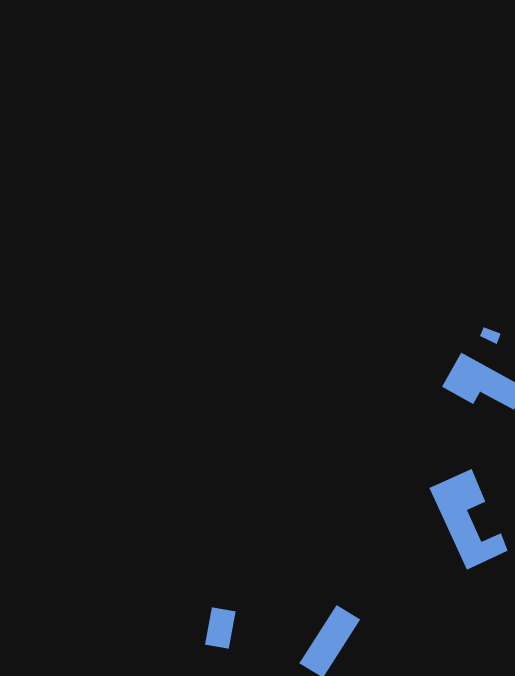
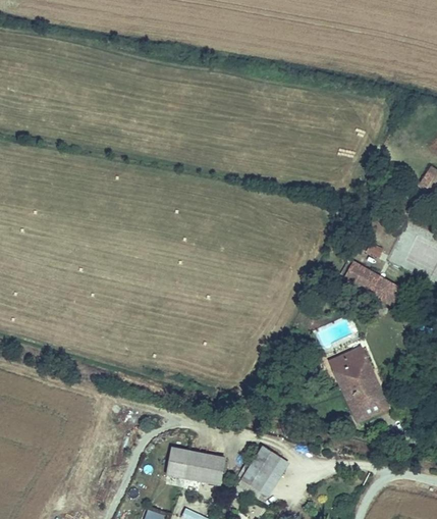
building: none -> [359,371,383,400]
building: none -> [185,451,225,485]

